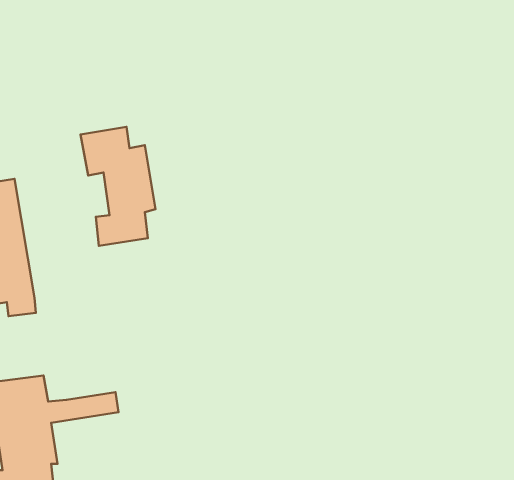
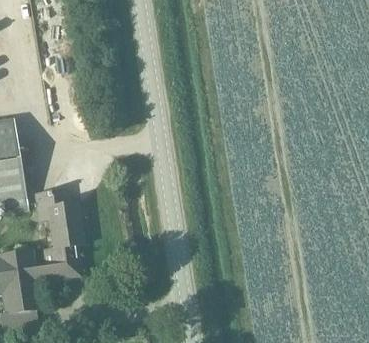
building: [81,127,155,246] -> [35,186,84,264]

